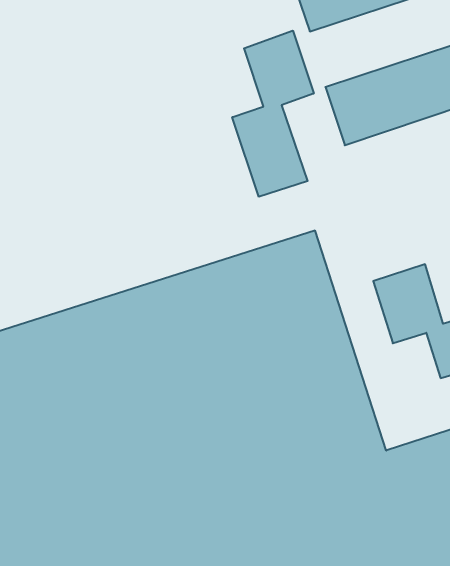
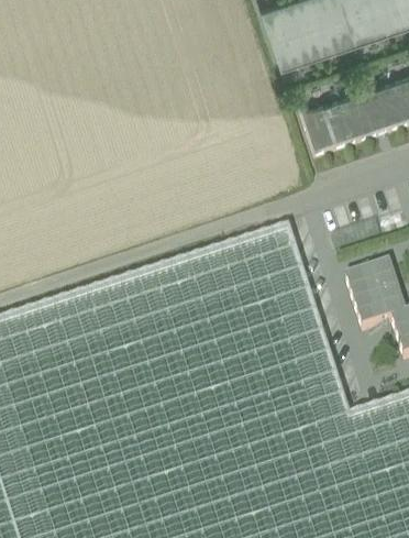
building: [232,31,314,197] -> none

